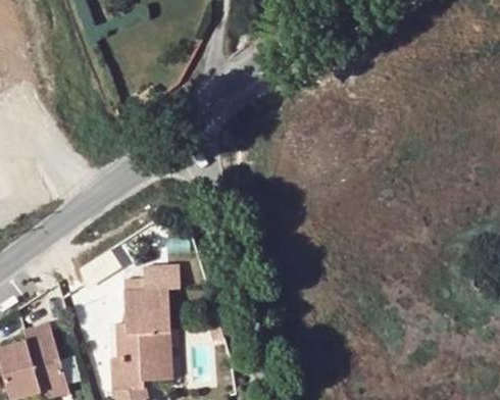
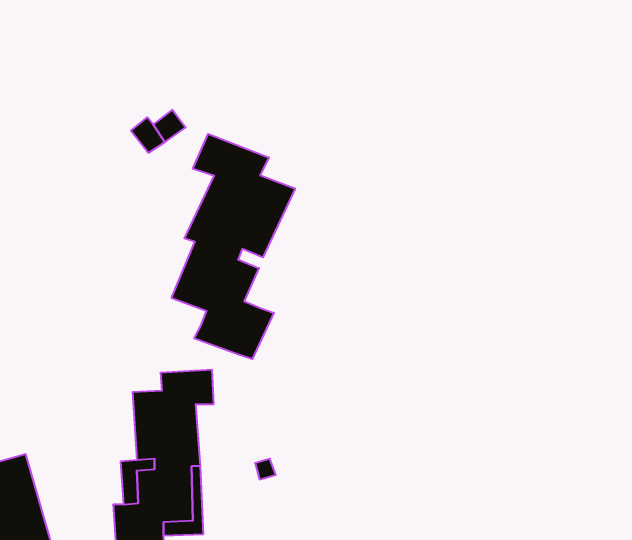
building: none -> [172,134,295,359]

